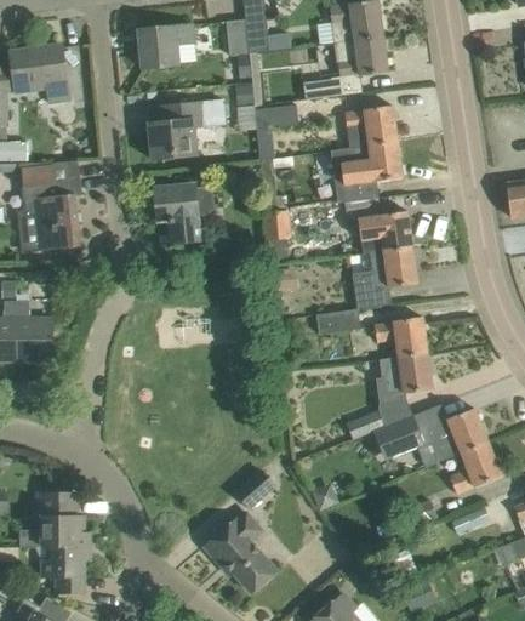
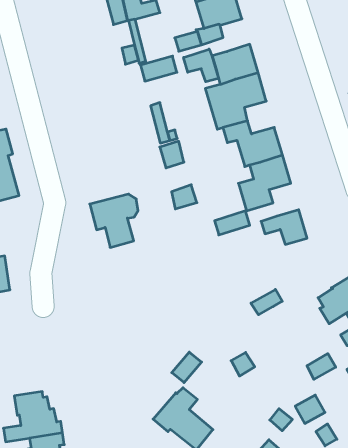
building: [139,24,194,68] -> none
building: [148,101,224,159] -> none
building: none -> [184,49,218,82]
building: [154,183,212,245] -> [90,194,138,247]
building: [375,353,432,403] -> none
building: [372,415,424,461] -> none

